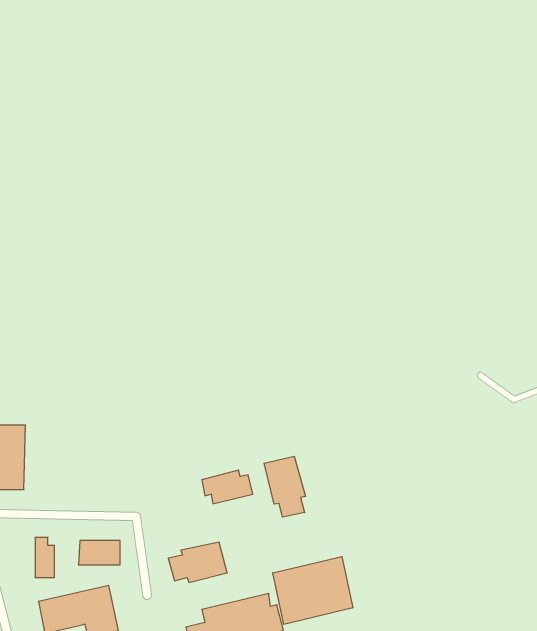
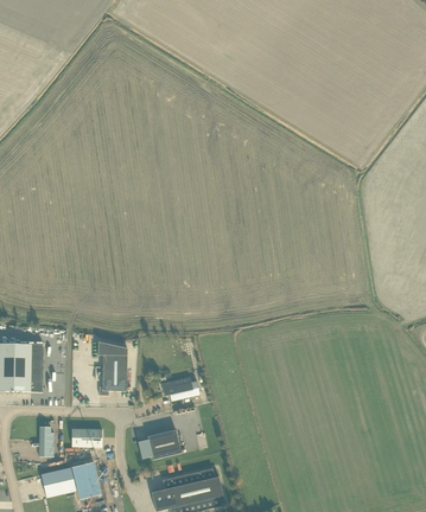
building: none -> [98,340,127,393]
building: [264,456,305,517] -> none
building: [273,556,353,624] -> none

